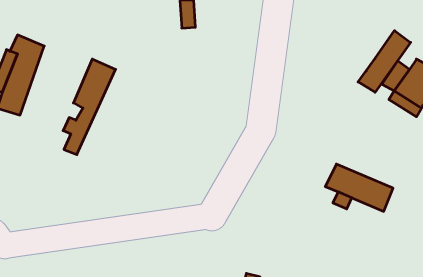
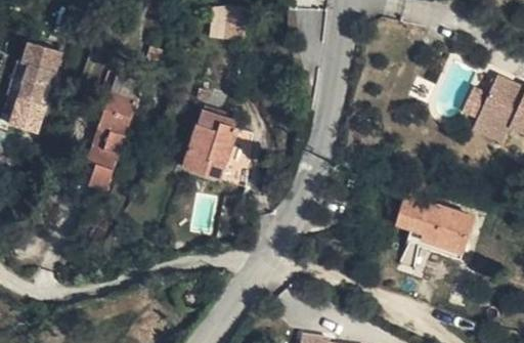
building: [358,31,411,92] -> none
building: none -> [187,101,239,175]

